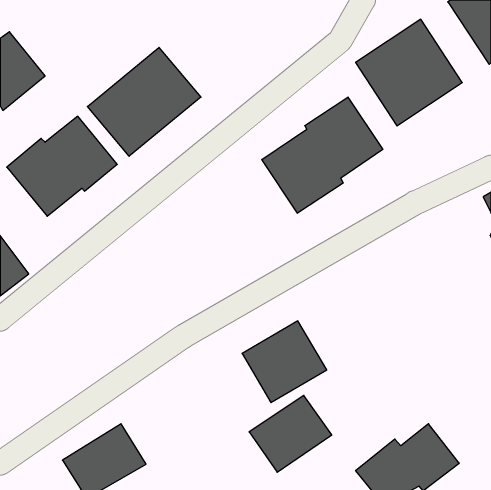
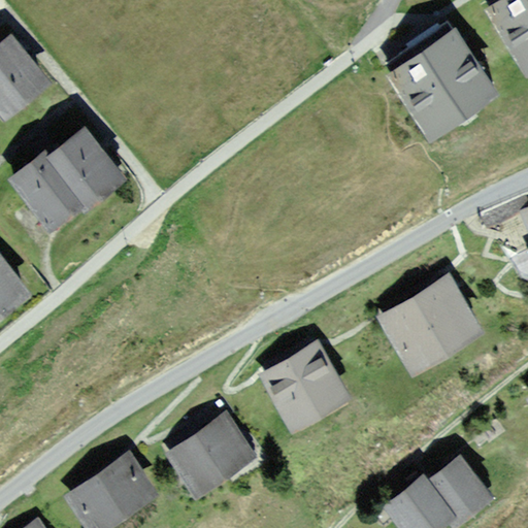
building: [87,47,201,156] -> none
building: [262,97,383,213] -> none
building: none -> [380,278,484,373]
building: [249,395,332,472] -> [166,414,255,496]

